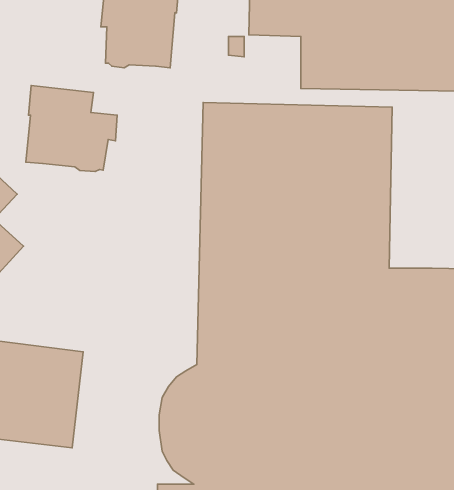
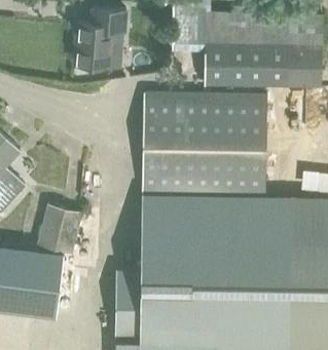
building: [26,86,117,171] -> none
building: none -> [38,207,82,256]

